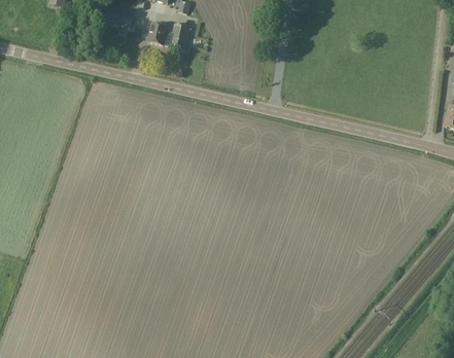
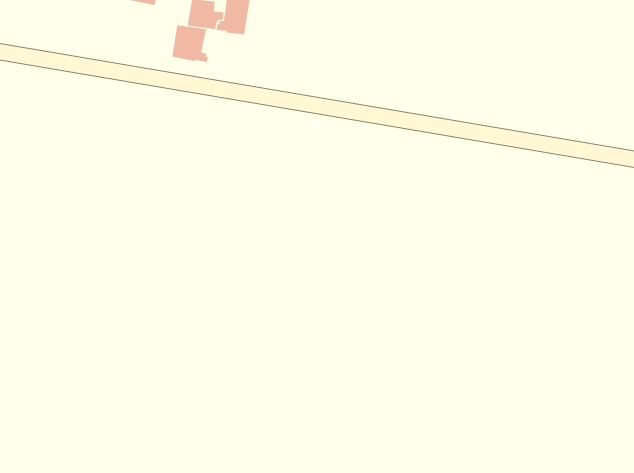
building: none -> [172,25,209,63]

